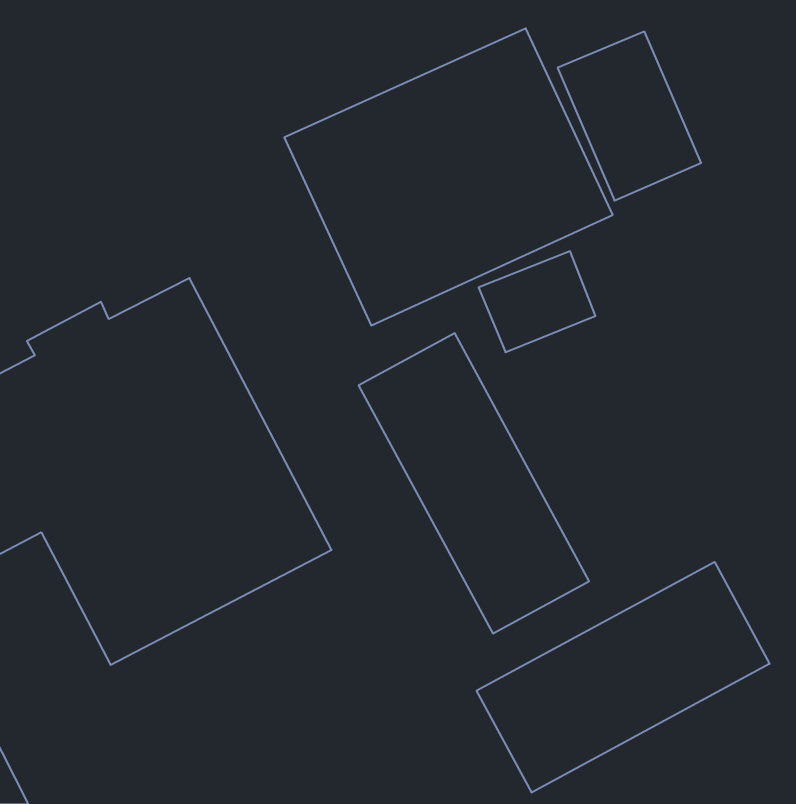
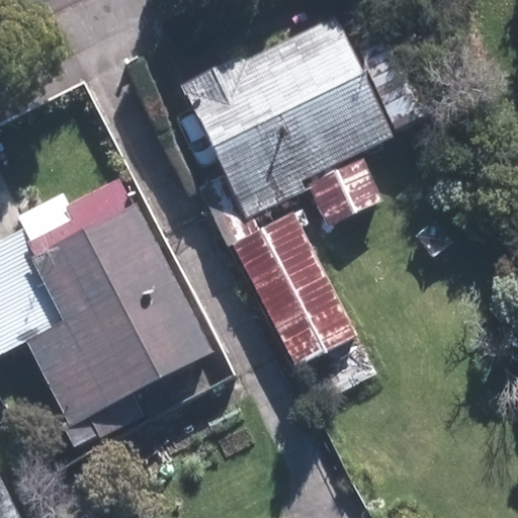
building: [477,562,770,793] -> none

